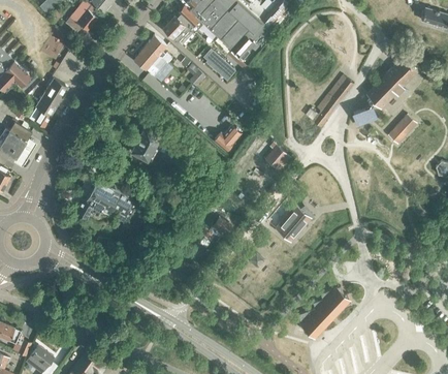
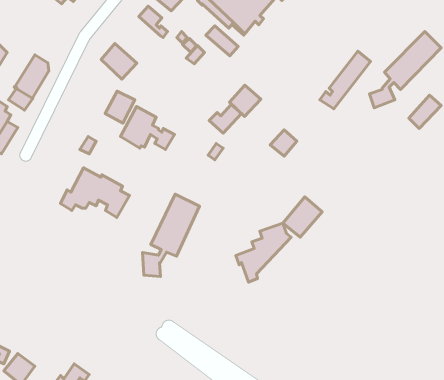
building: [134,44,166,76] -> [101,43,137,79]
building: none -> [230,85,261,116]
building: none -> [105,91,135,123]
building: none -> [143,194,200,276]
building: [298,287,348,340] -> [236,223,291,282]

